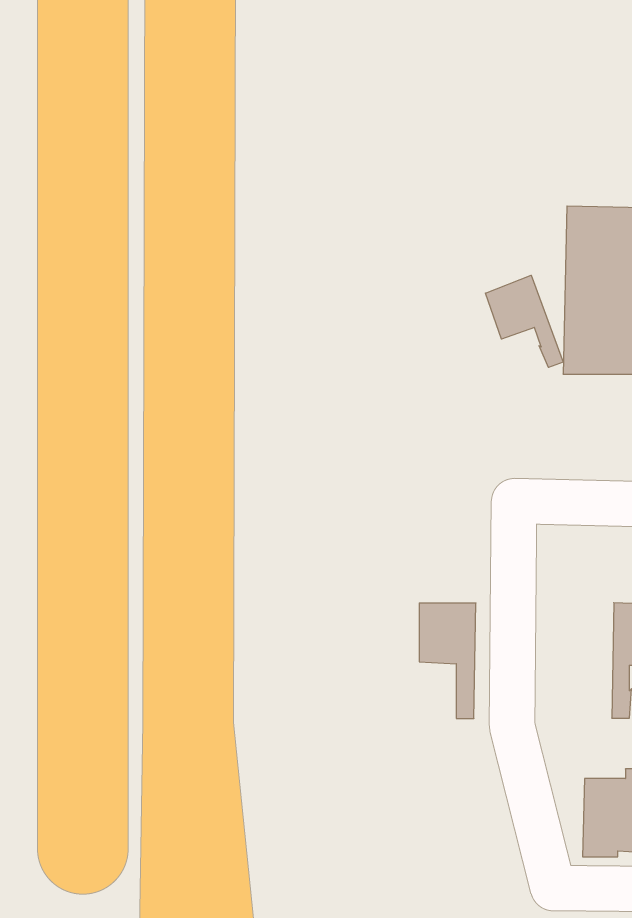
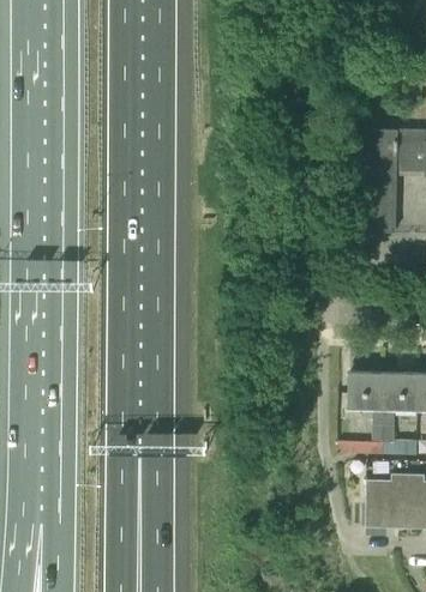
building: [485,275,563,367] -> none
building: [419,603,476,718] -> [349,371,384,442]

